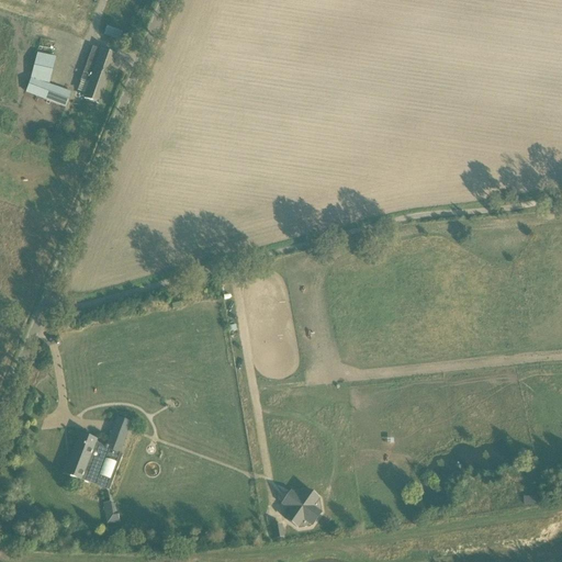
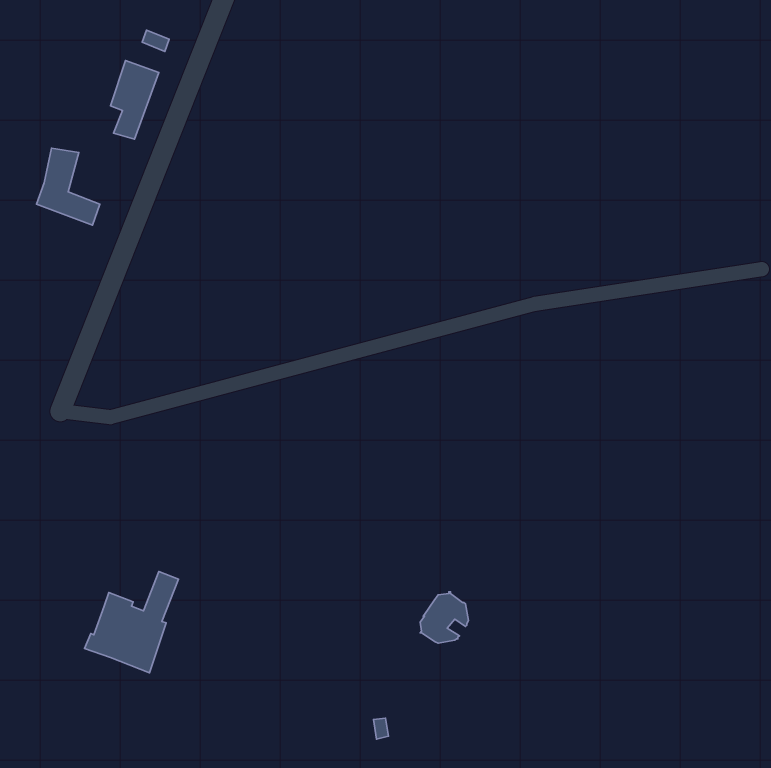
building: [24,49,70,105] -> [36,148,100,225]
building: [284,487,319,525] -> [420,592,468,643]

